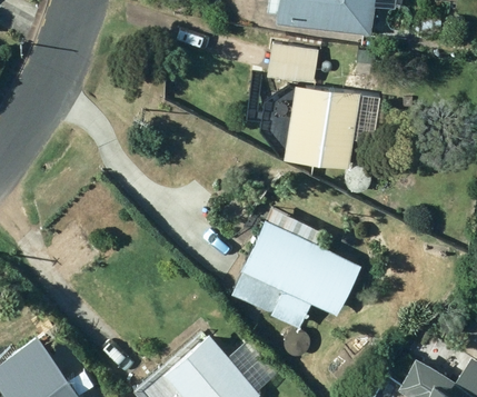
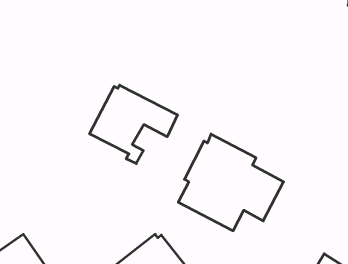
building: [266,47,359,167] -> none
building: none -> [90,85,177,164]

